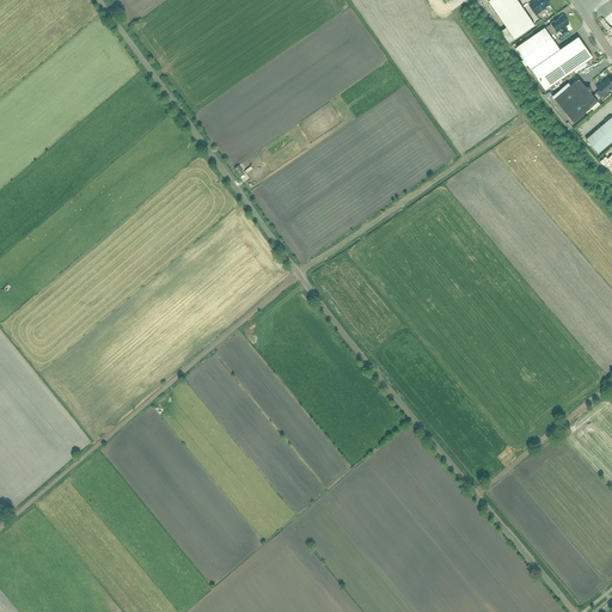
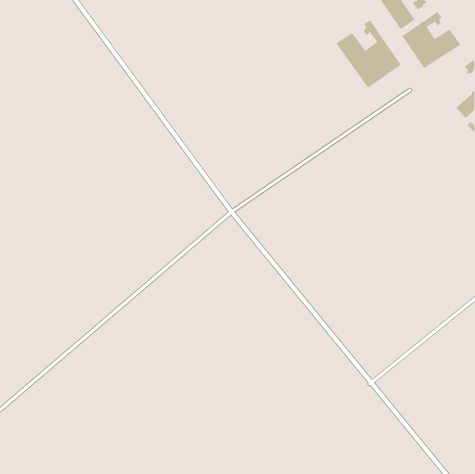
building: none -> [335,19,402,88]
building: [555,79,598,122] -> none

